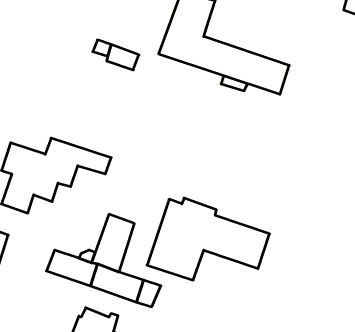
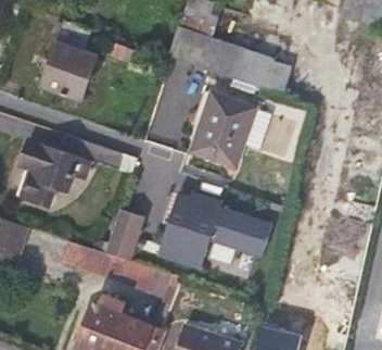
building: none -> [42,18,96,98]
building: none -> [191,96,267,164]

